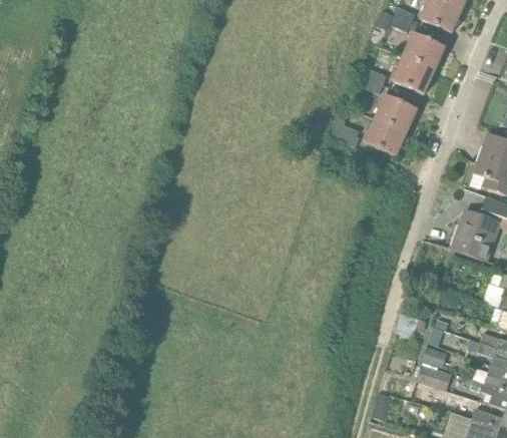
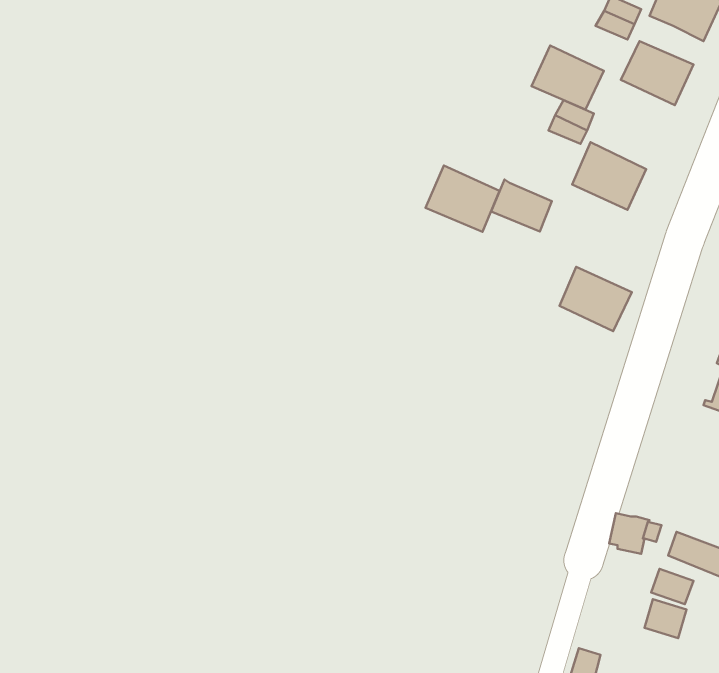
building: [392,55,435,93] -> [531,46,604,110]
building: none -> [425,165,500,232]
building: [364,117,407,155] -> [559,267,632,331]

